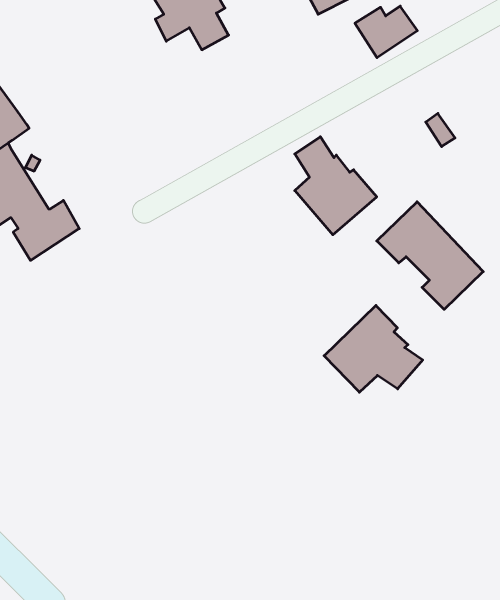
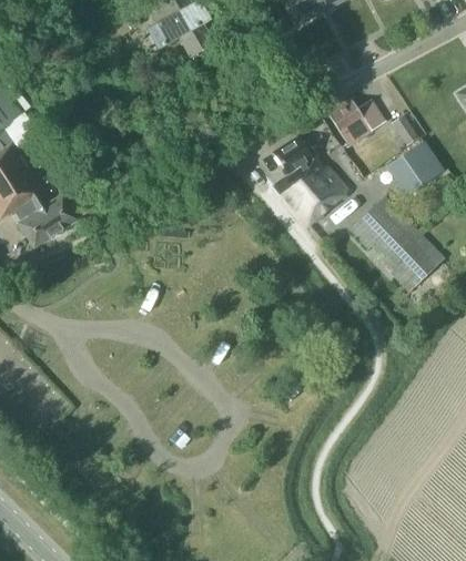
building: [355,6,417,58] -> [328,99,385,145]
building: none -> [385,140,444,196]
building: [324,305,423,392] -> none

